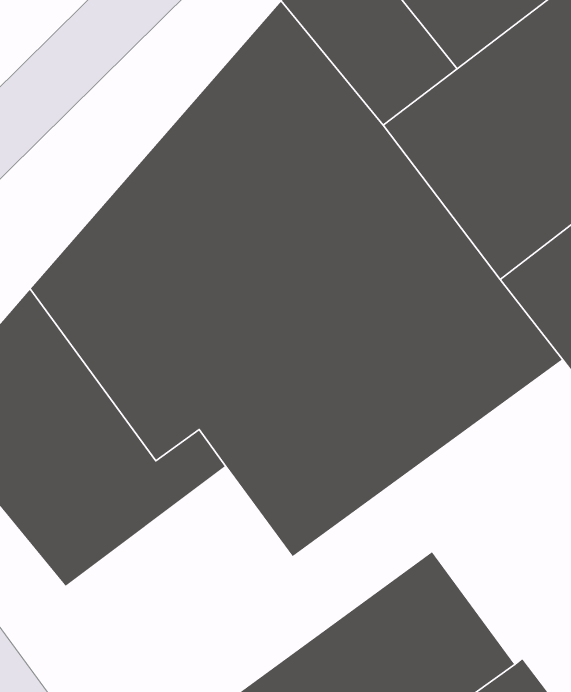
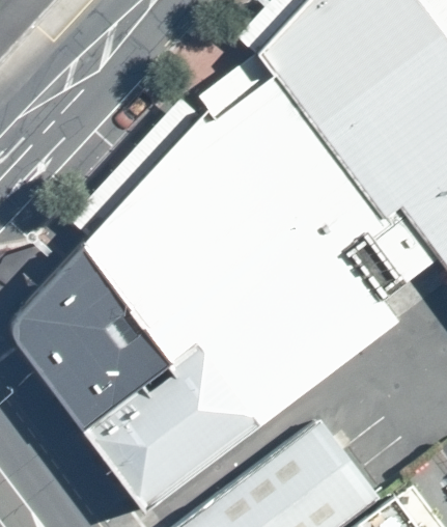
building: none -> [88,358,247,506]

